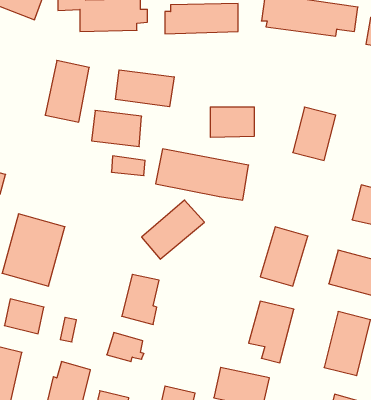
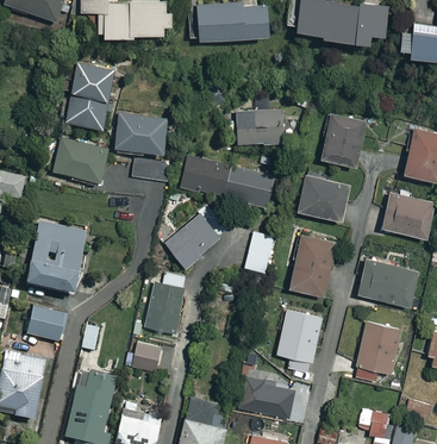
building: [115,70,174,107] -> none
building: none -> [56,139,108,180]
building: none -> [298,175,349,220]
building: none -> [245,232,276,273]

